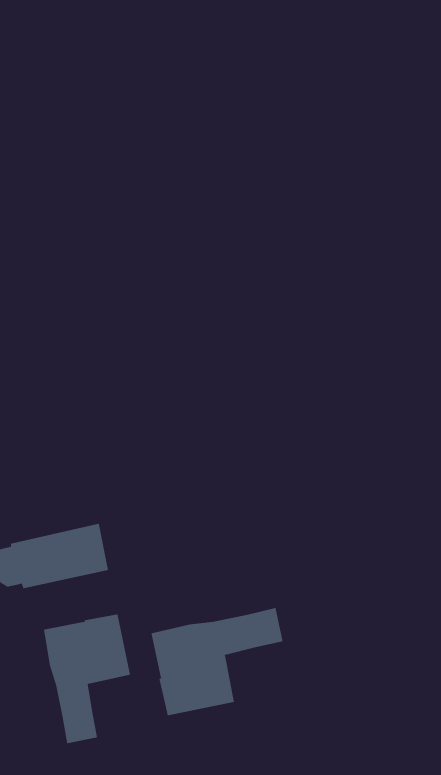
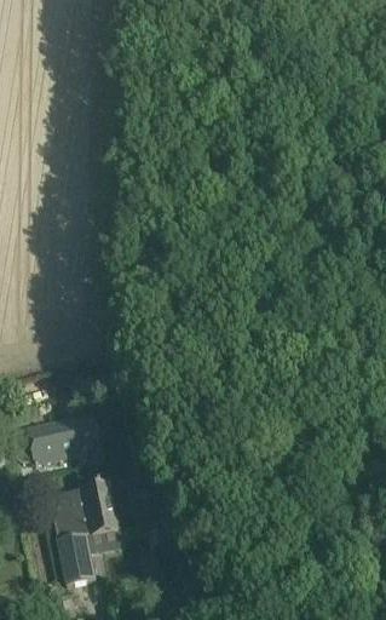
building: [151,607,283,716] -> none

